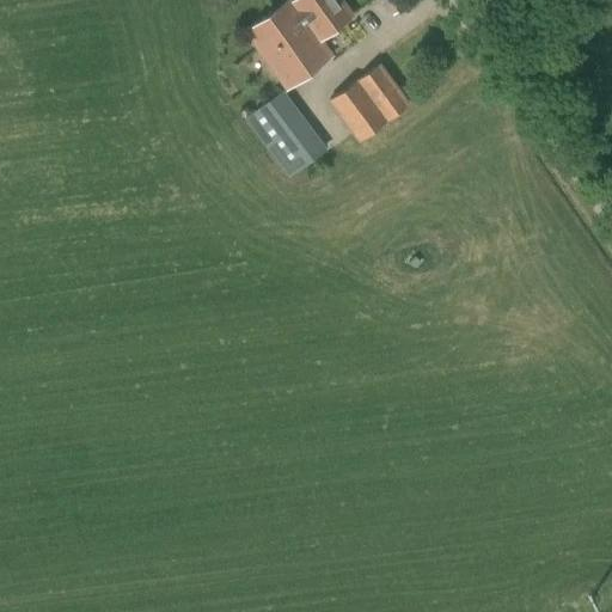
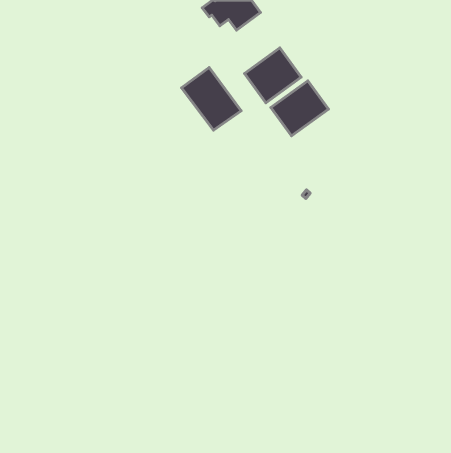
building: [249,11,333,88] -> none
building: none -> [271,81,328,136]

